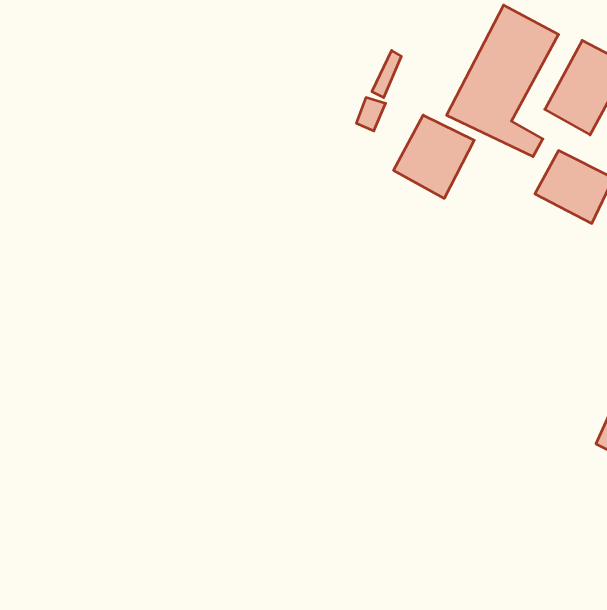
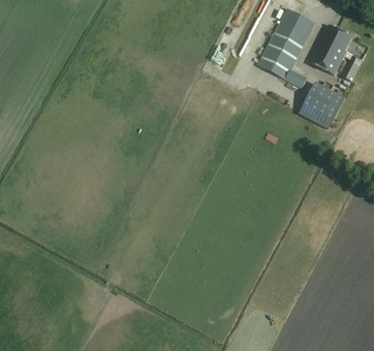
building: [394,115,474,198] -> none

